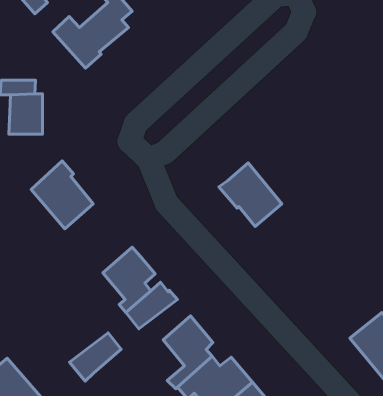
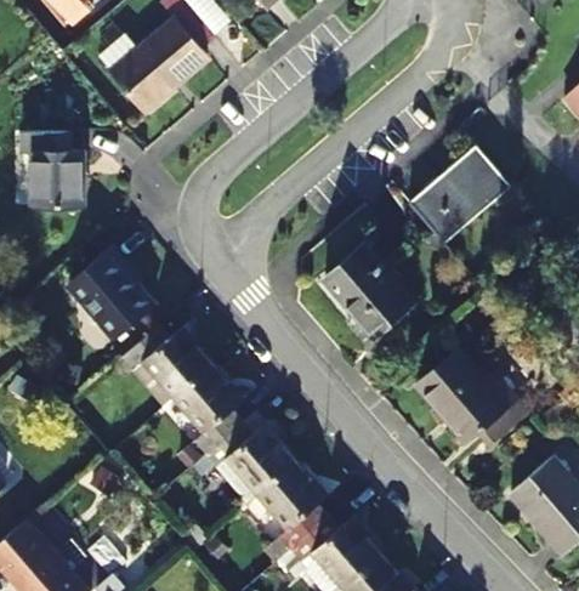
building: none -> [416,143,517,243]
building: none -> [115,328,205,400]
building: none -> [416,350,528,442]
building: [70,333,121,381] -> [215,438,288,506]

